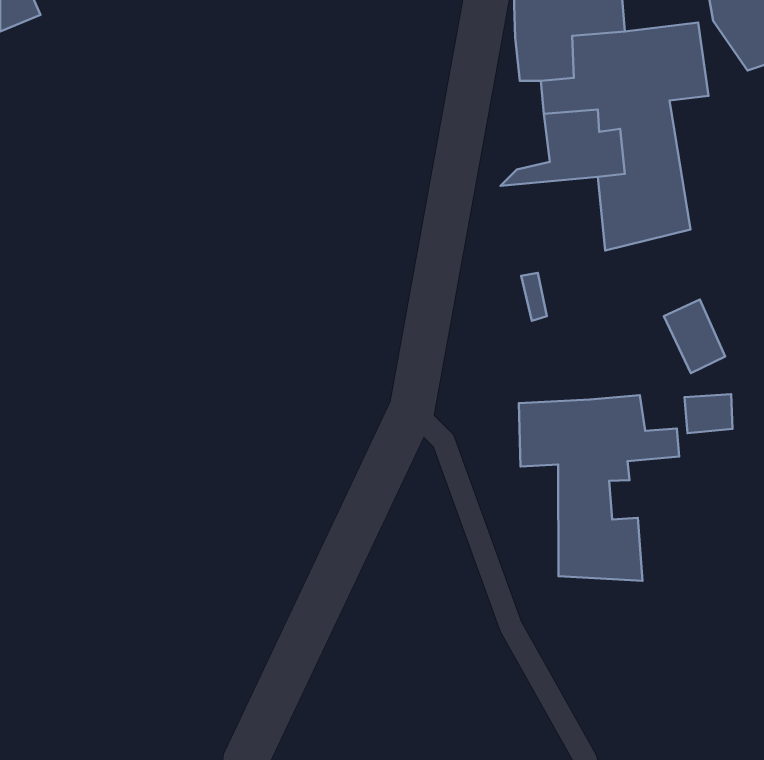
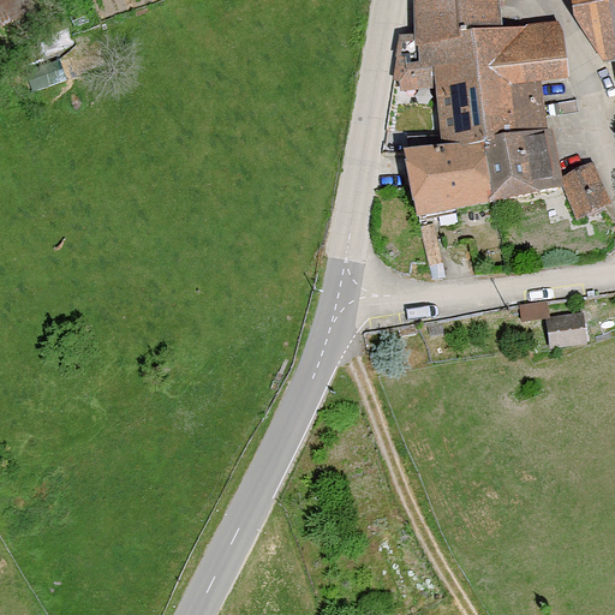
building: none -> [402,142,486,217]
building: [664,300,725,373] -> [560,159,609,217]
building: [519,395,679,581] -> none

